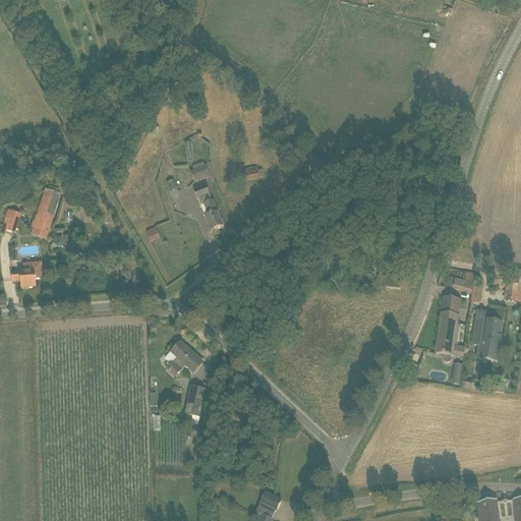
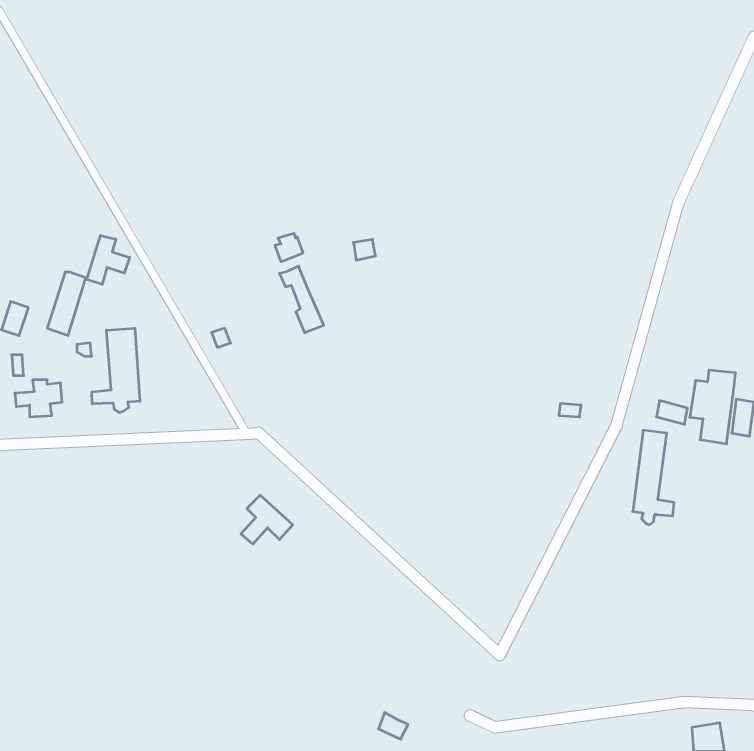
building: none -> [87,235,130,284]
building: none -> [92,328,140,413]
building: [471,310,503,361] -> [690,370,736,444]
building: [184,385,205,415] -> none

